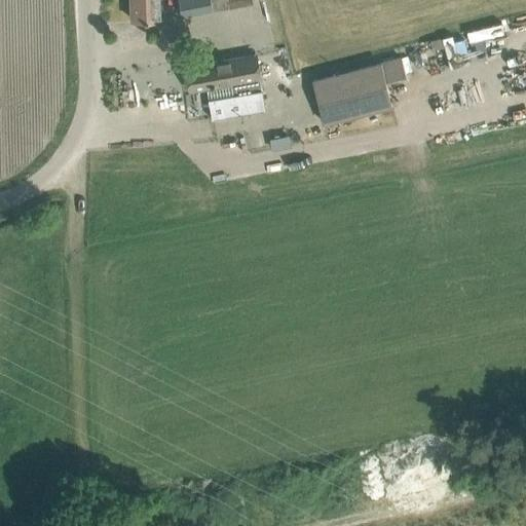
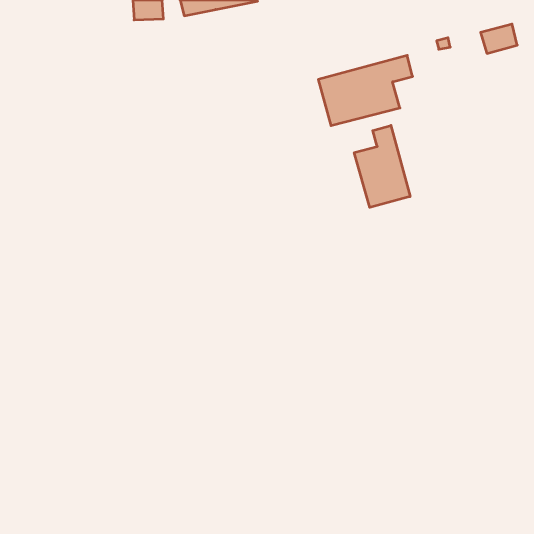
building: [185,57,264,119] -> none
building: none -> [354,125,410,207]

